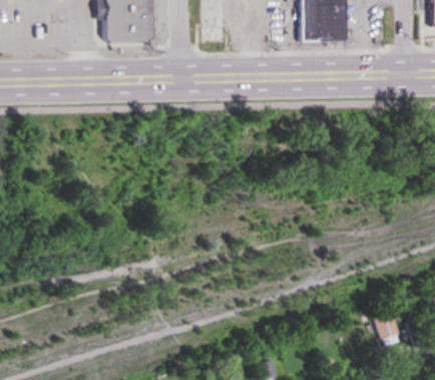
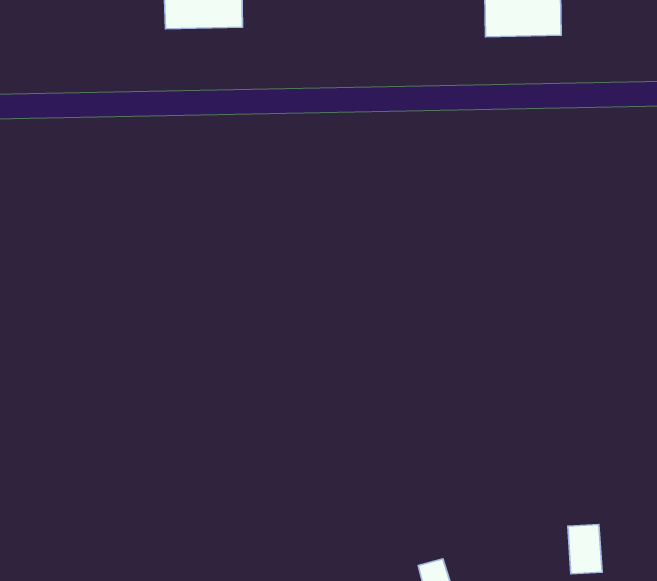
building: [379,315,400,345] -> [568,524,602,574]

